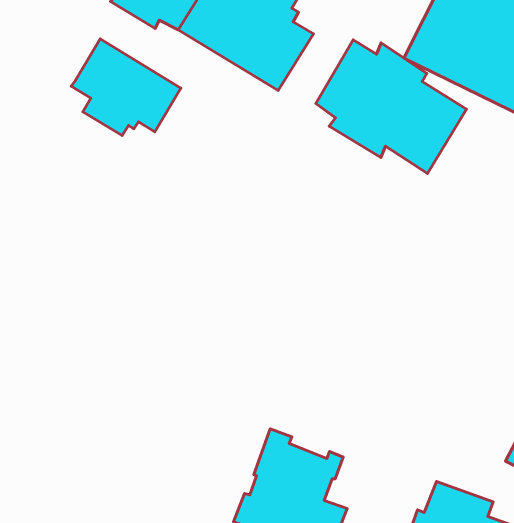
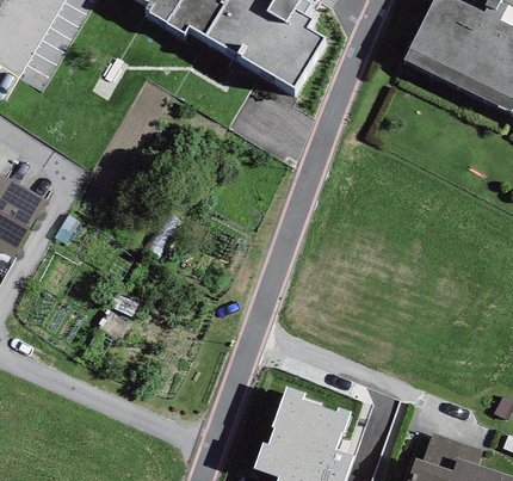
building: [71,39,181,136] -> none
building: [316,40,467,174] -> none

